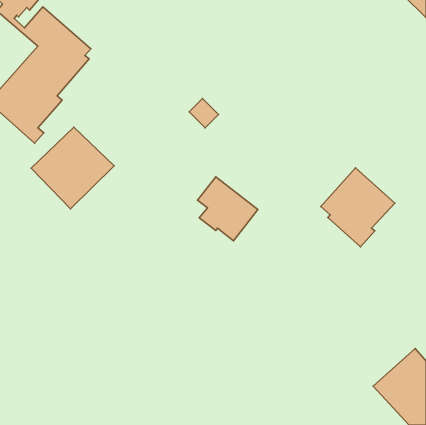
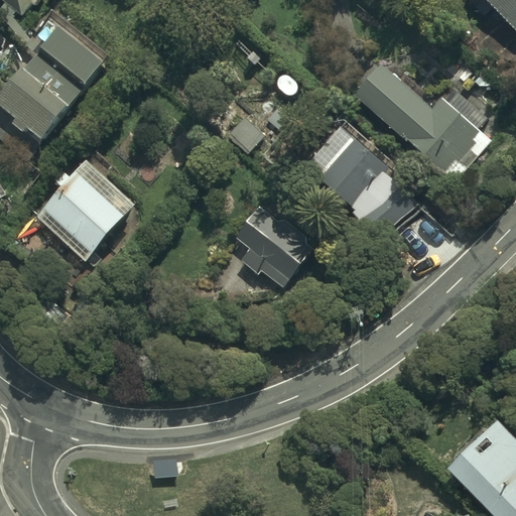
building: none -> [355,63,489,174]
building: [321,168,395,247] -> [300,123,389,218]

